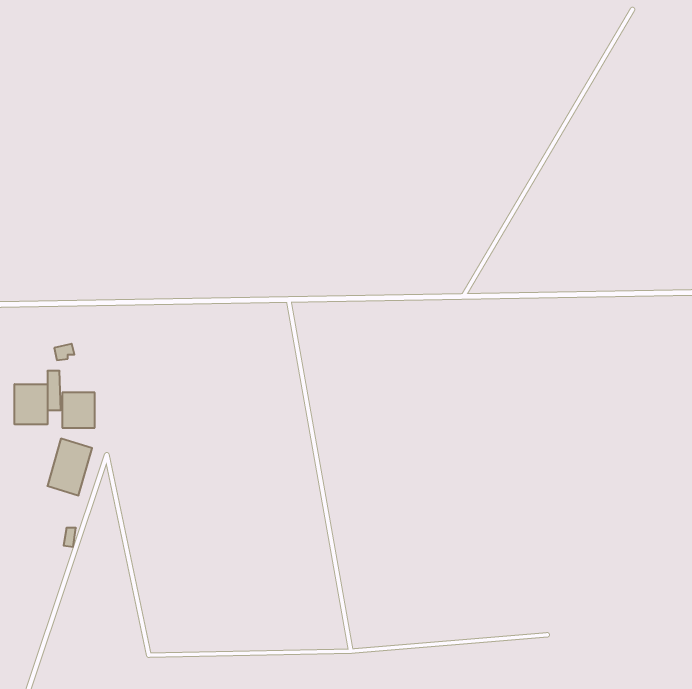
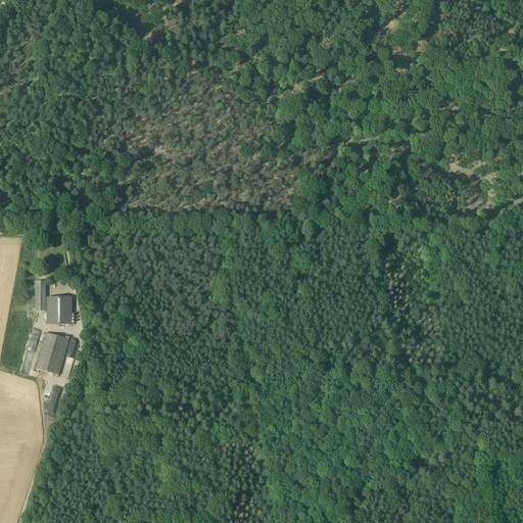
building: [15,384,47,424] -> none

